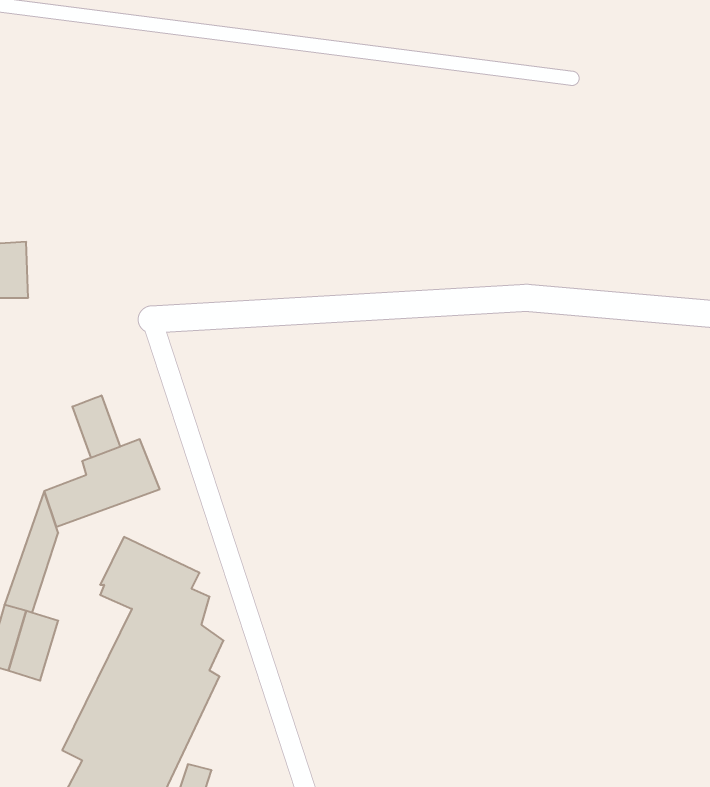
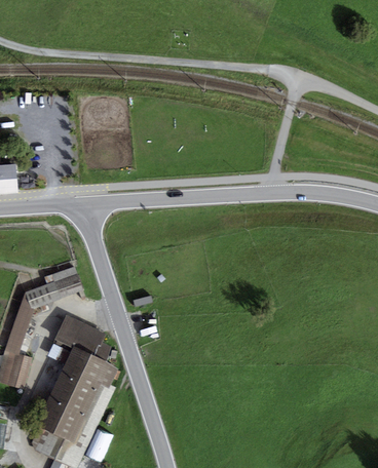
building: [72,395,120,458] -> none

